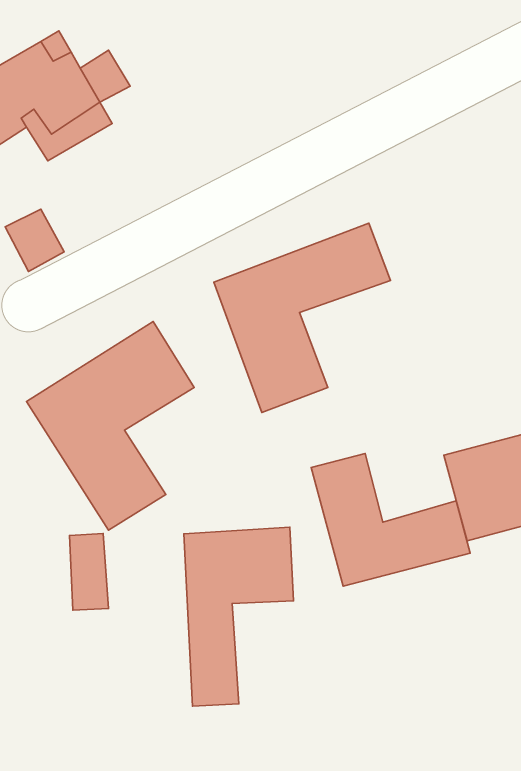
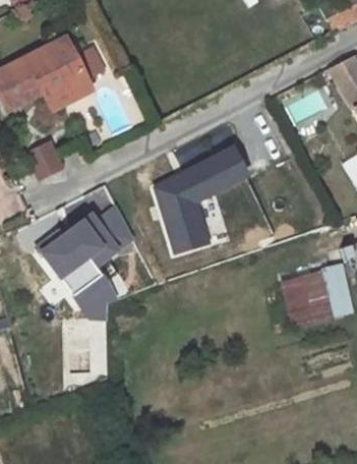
building: [311,453,470,586] -> none
building: [184,527,293,706] -> none

